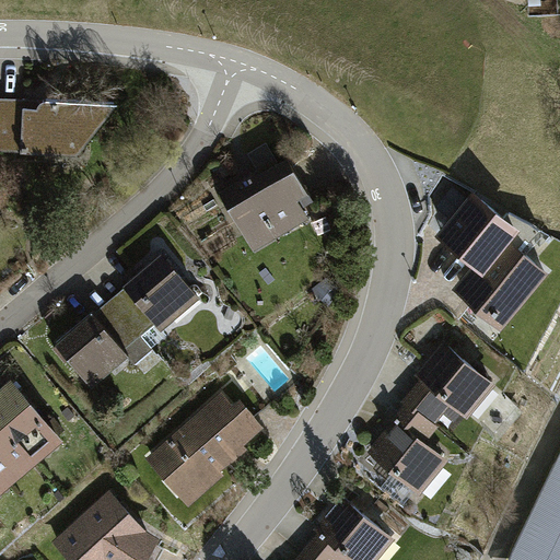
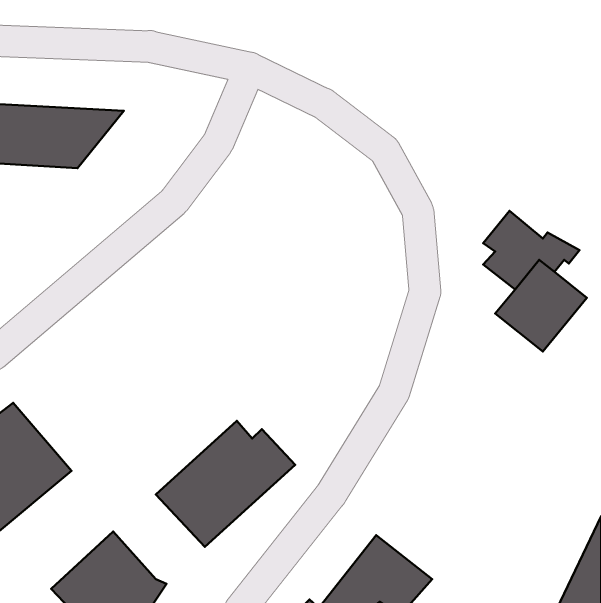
building: [213,148,304,256] -> none
building: [55,253,201,388] -> none
building: [371,342,499,493] -> none

